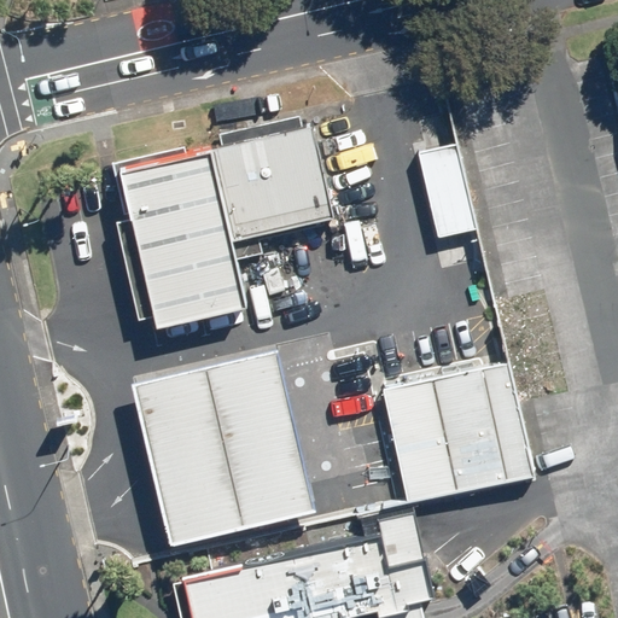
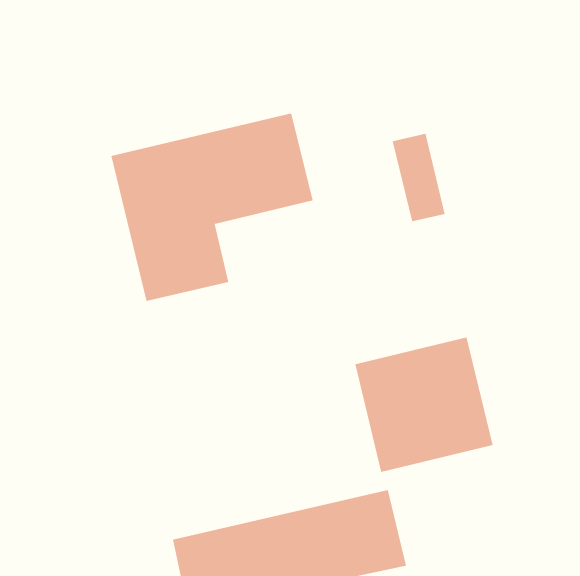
building: [130,350,315,544] -> none

